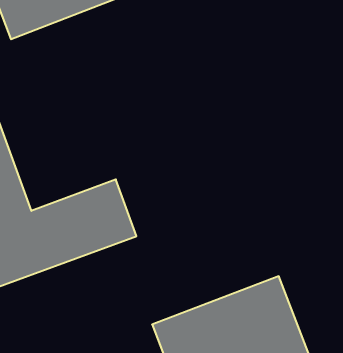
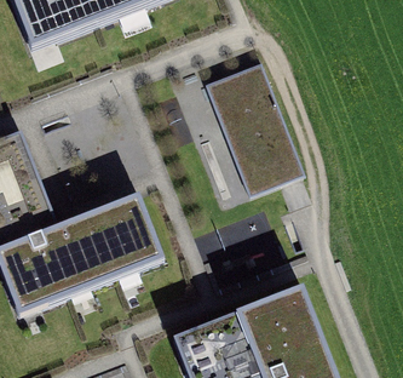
building: none -> [213,58,305,183]

